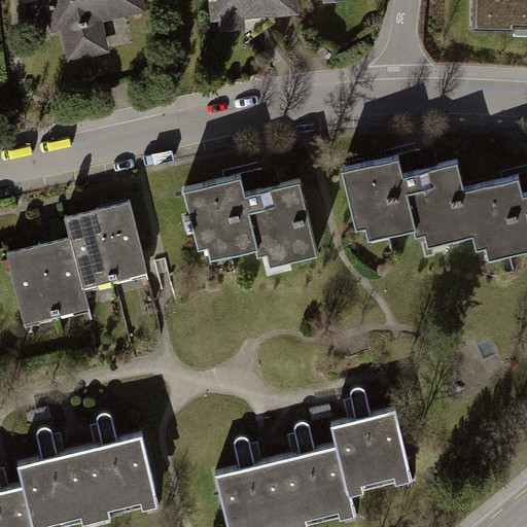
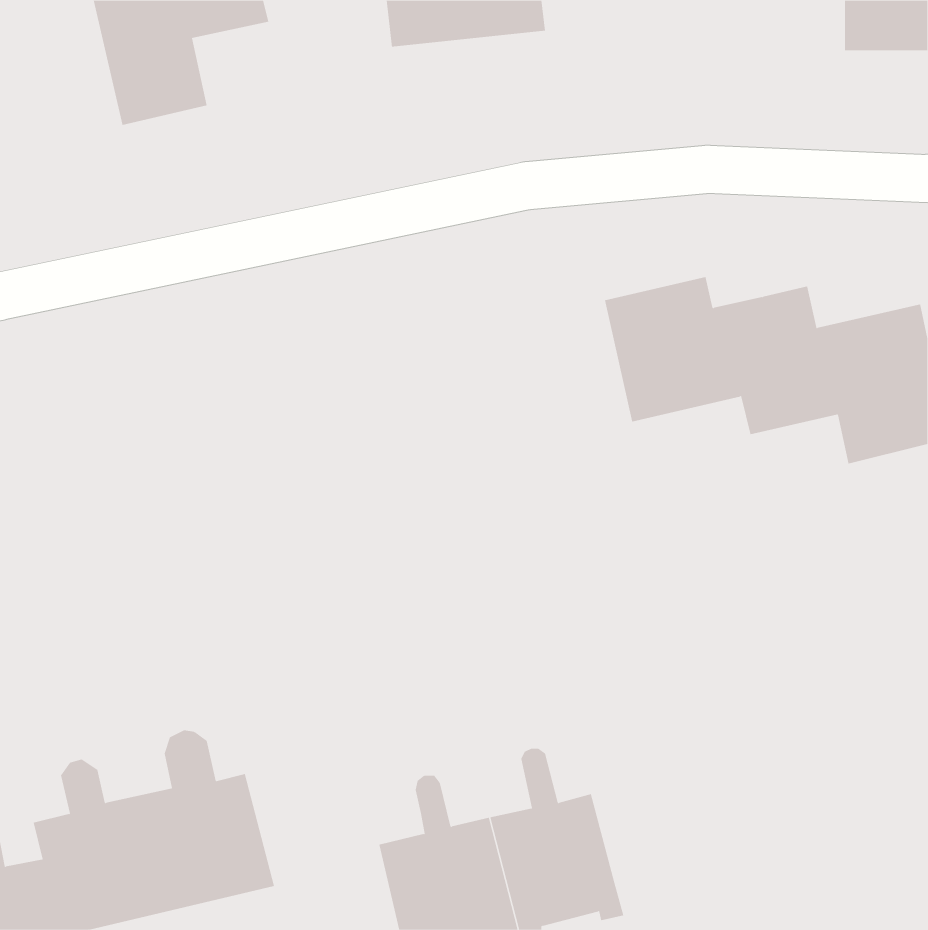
building: [180,172,317,265] -> none
building: [6,203,148,329] -> none
building: [330,389,412,499] -> none

